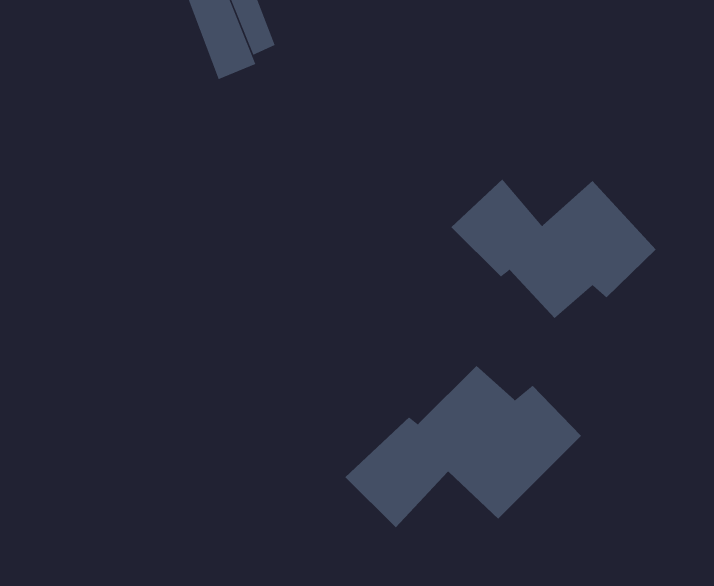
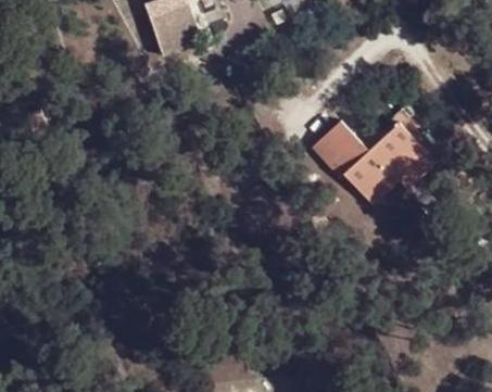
building: [344,365,582,528] -> none

